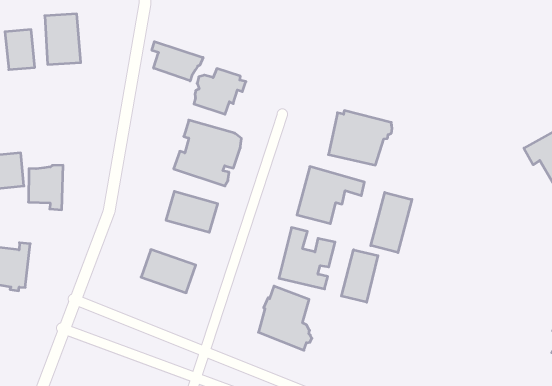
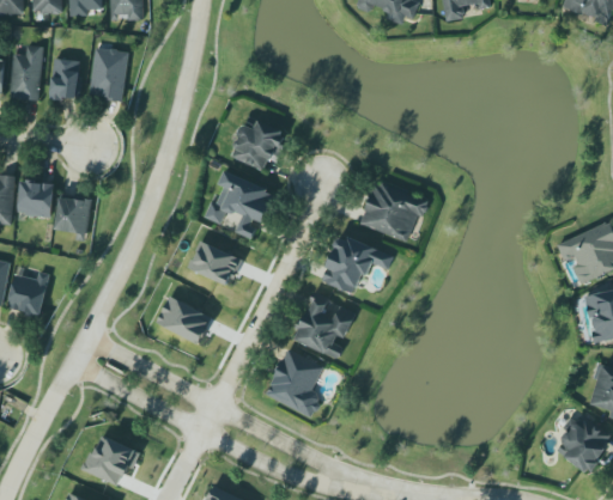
building: [152,42,203,81] -> none
building: [371,192,412,253] -> none
building: [341,250,378,302] -> none

